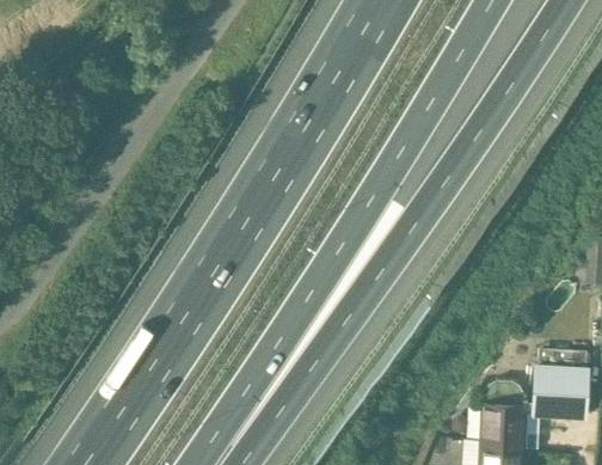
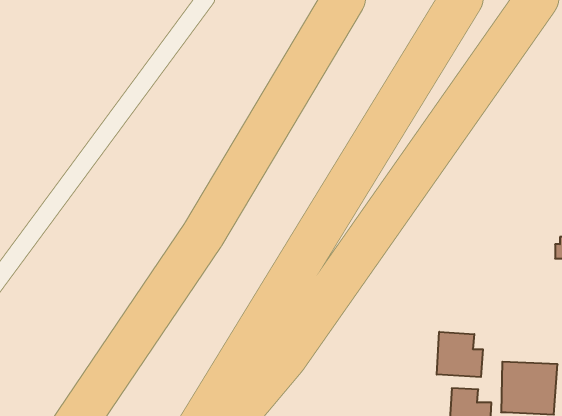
building: none -> [437,332,483,377]

